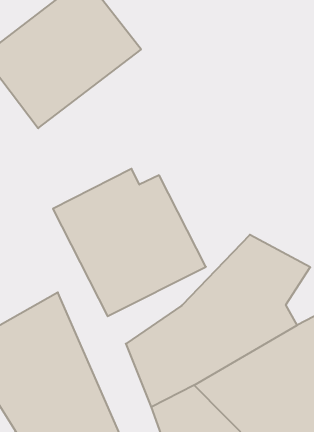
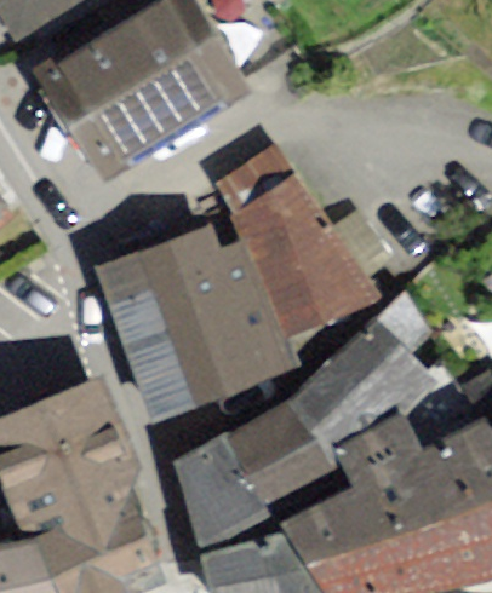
building: none -> [223,151,367,330]

